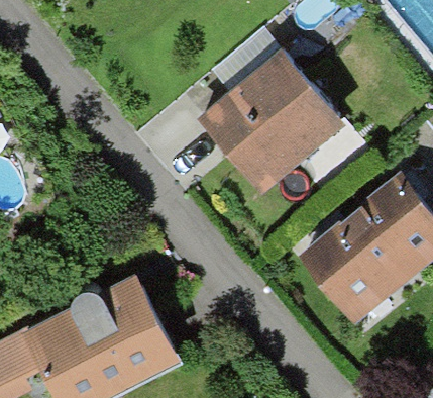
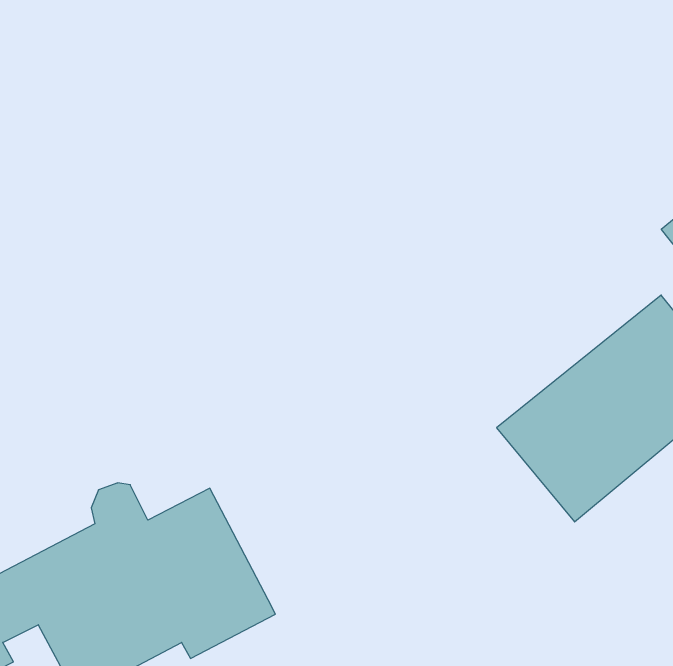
building: [202,53,340,188] -> none

